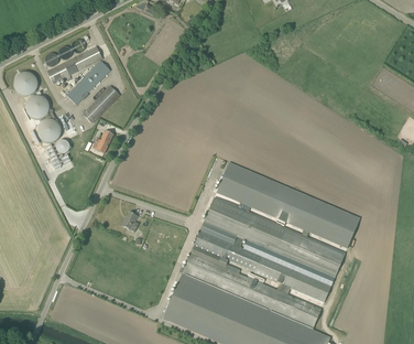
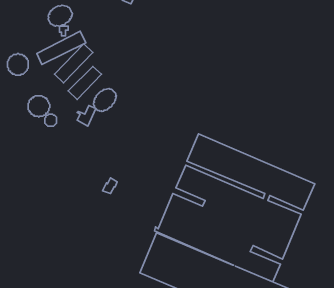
building: none -> [48,5,72,26]
building: [24,94,48,118] -> none
building: none -> [93,89,116,111]

